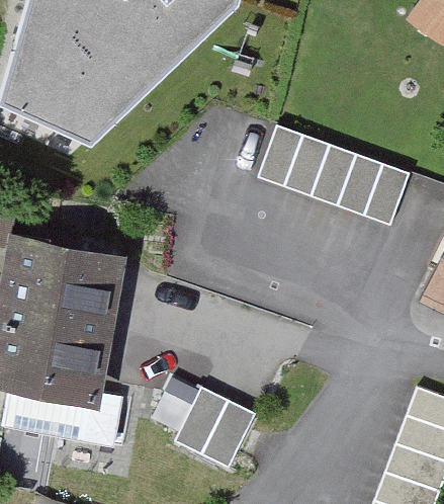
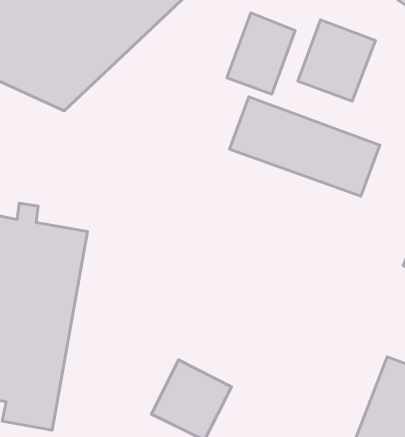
building: none -> [227,13,295,94]
building: none -> [298,20,375,101]

